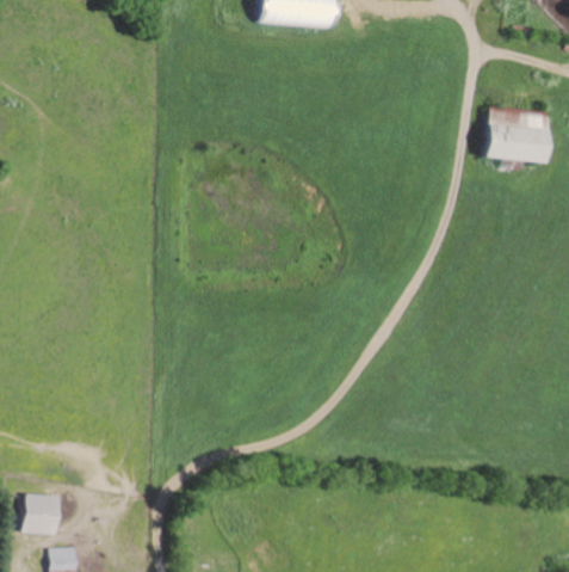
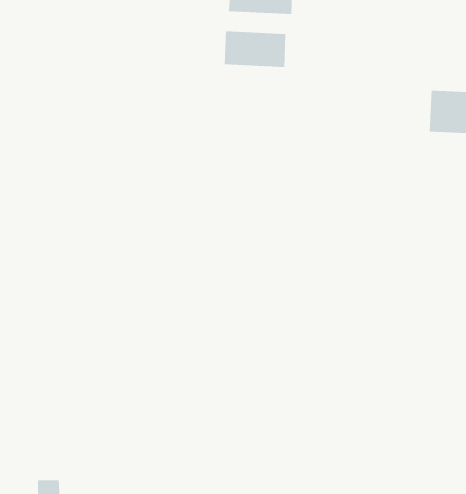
building: none -> [224,31,286,68]
building: [20,493,56,535] -> none

